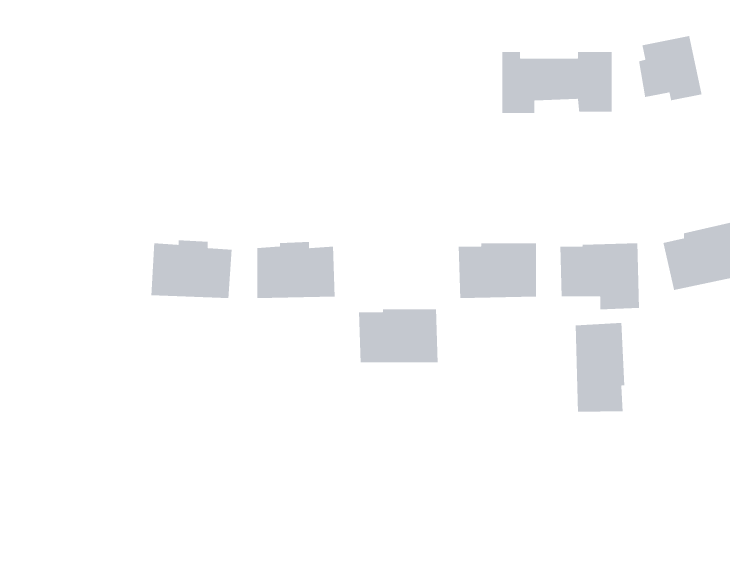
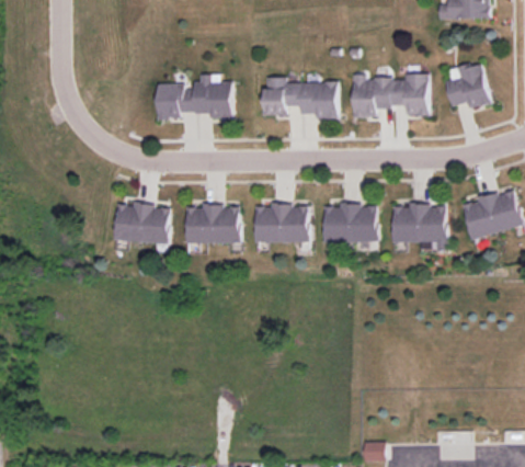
building: none -> [157,73,232,118]
building: none -> [263,77,338,116]
building: [358,308,439,363] -> [254,204,309,241]
building: [575,322,625,412] -> none

